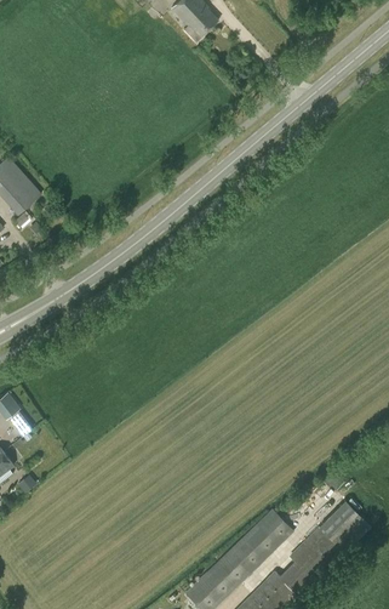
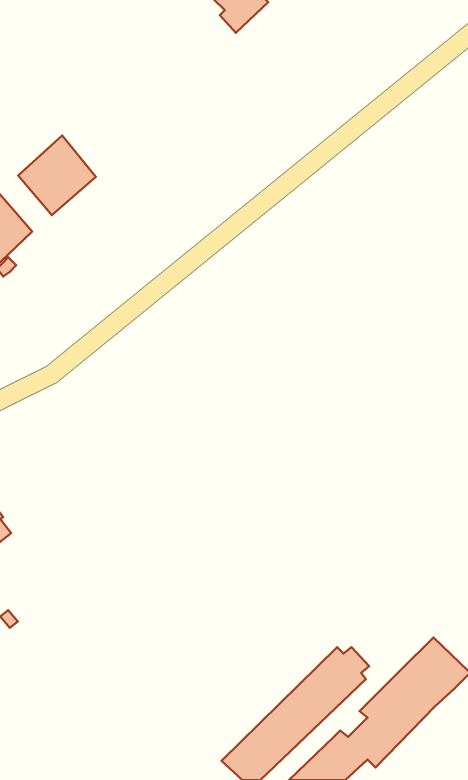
building: none -> [18,135,96,215]

